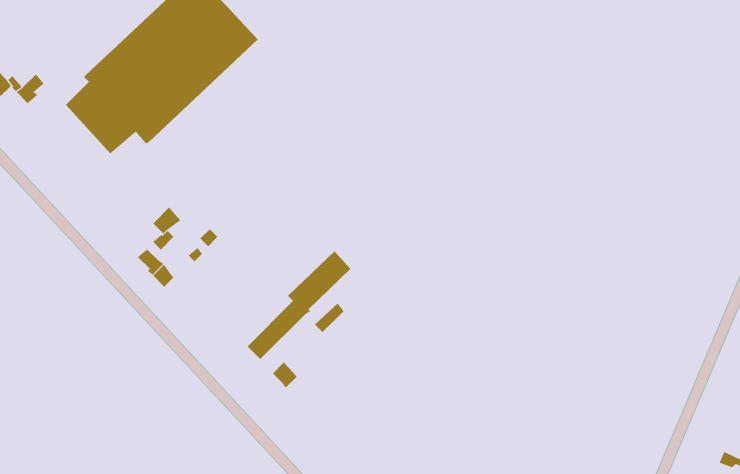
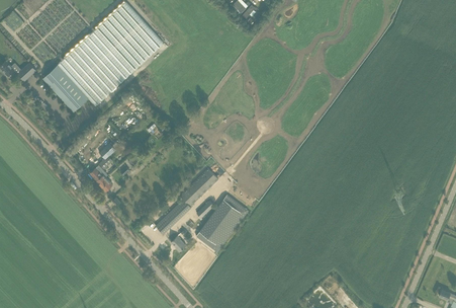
building: none -> [196,194,249,252]

